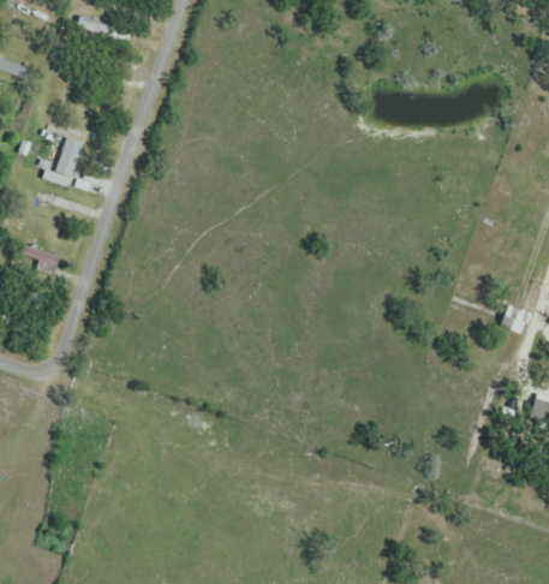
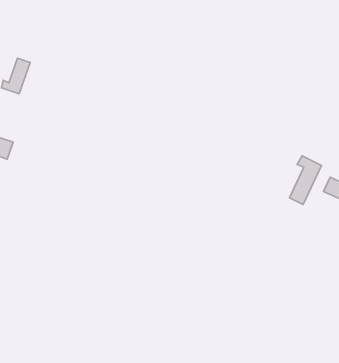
building: none -> [289,156,321,205]

